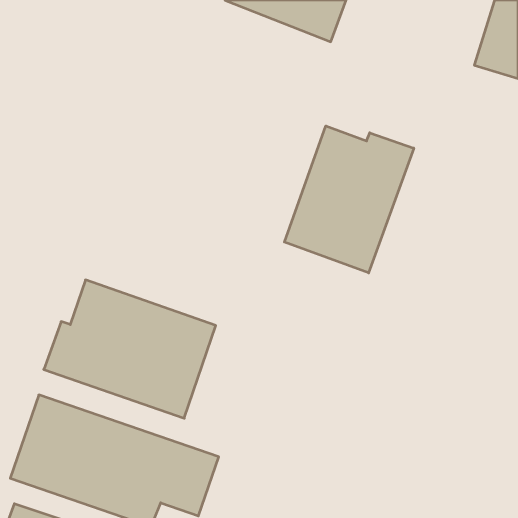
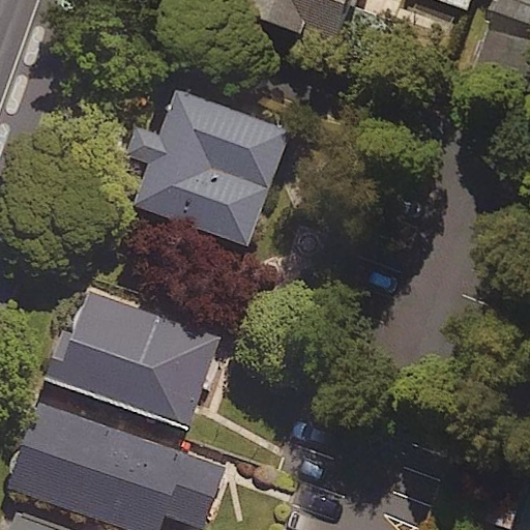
building: none -> [110,90,289,244]
building: [284,126,414,273] -> none

